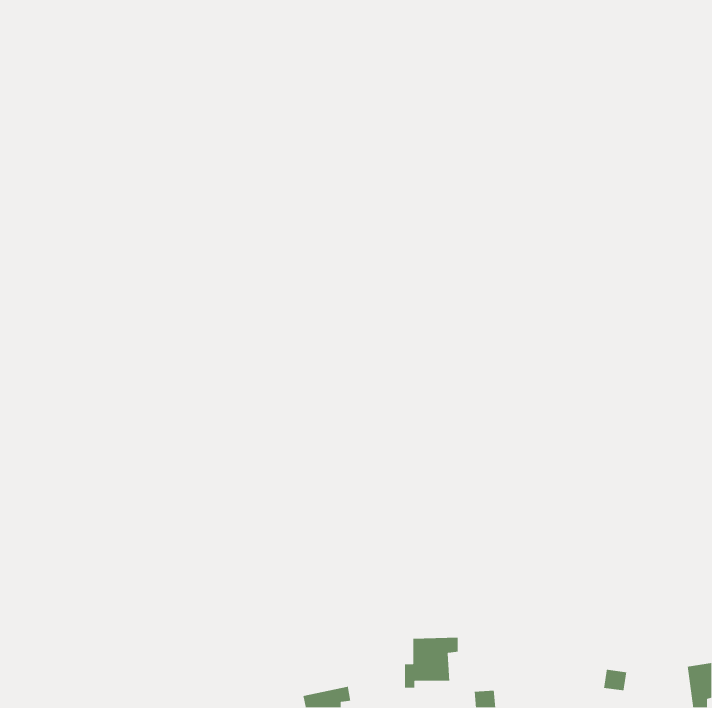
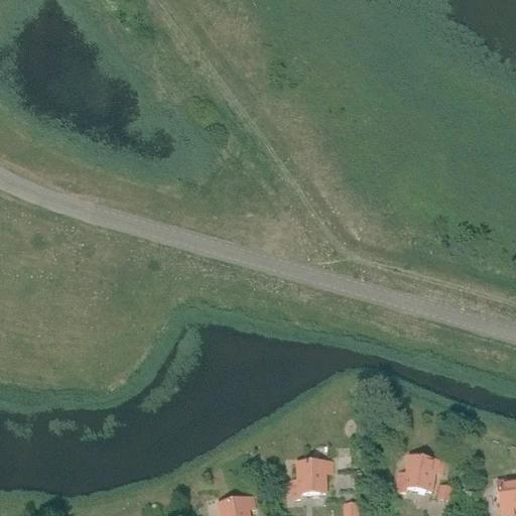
building: none -> [398,456,442,492]

